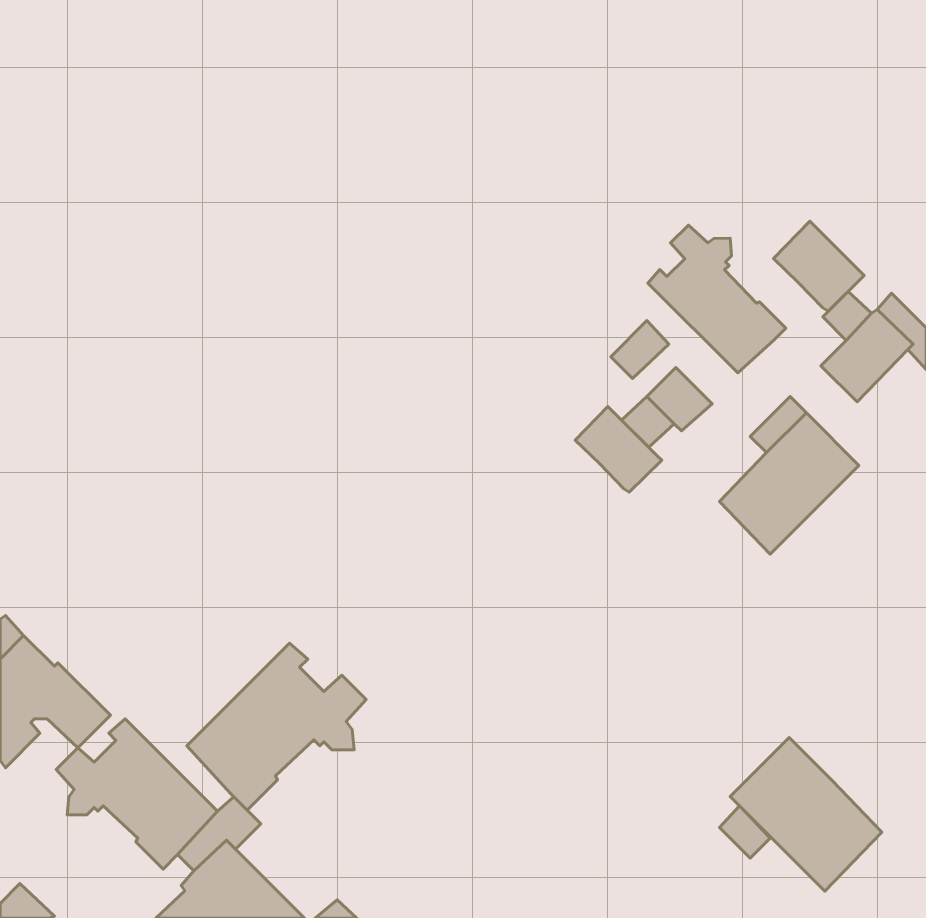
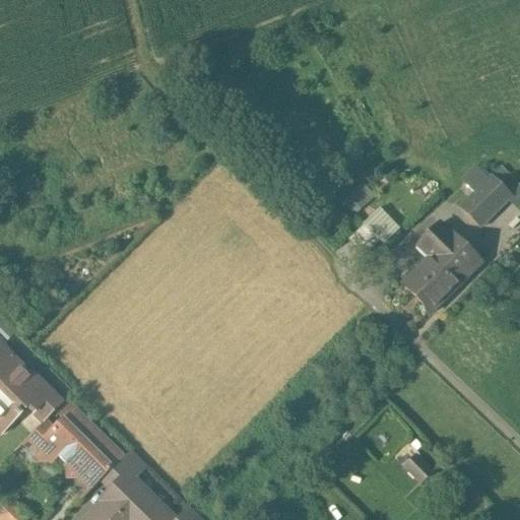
building: [774,221,864,311] -> none
building: [648,225,786,373] -> none
building: [575,406,662,492] -> none
building: [187,643,366,810] -> none
building: [730,738,882,891] -> none

